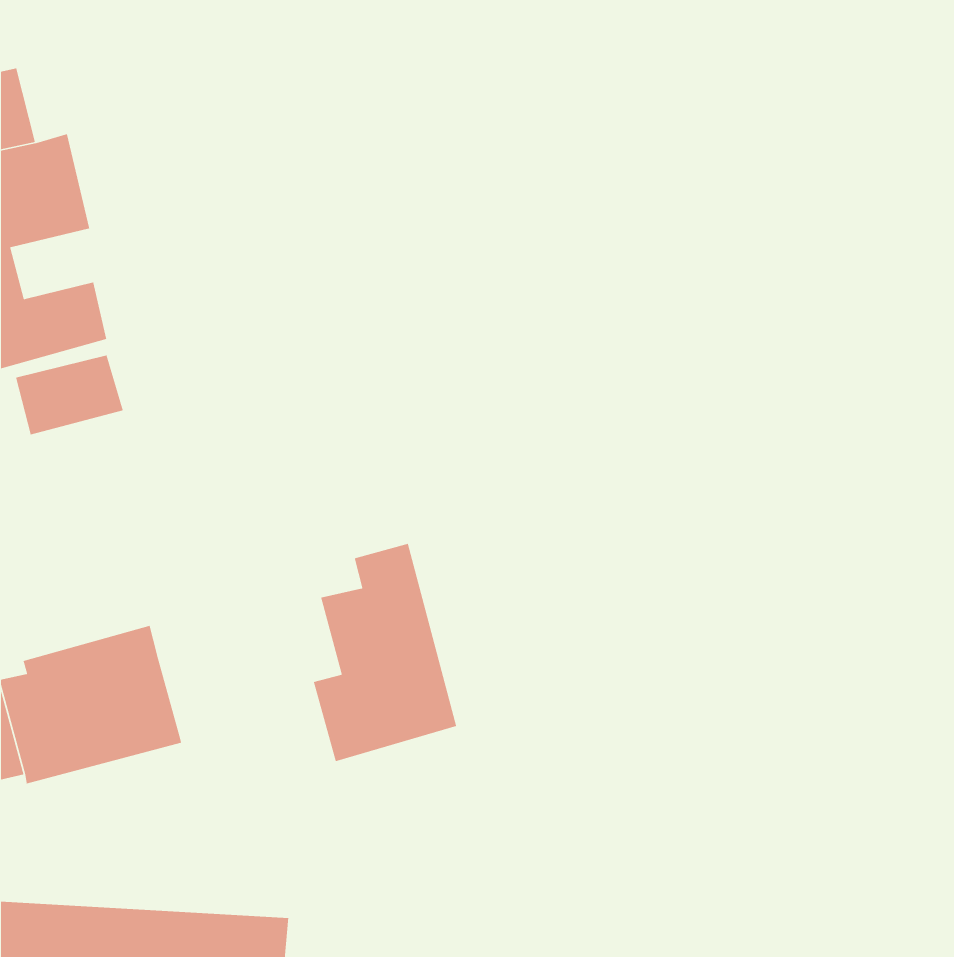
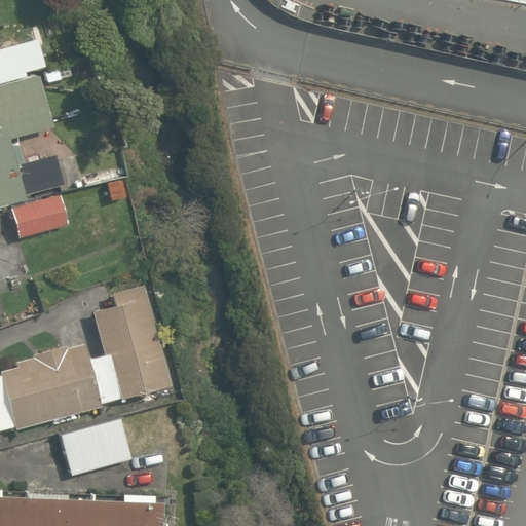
building: [313,543,457,762] -> [89,284,168,404]
building: none -> [61,416,134,475]

